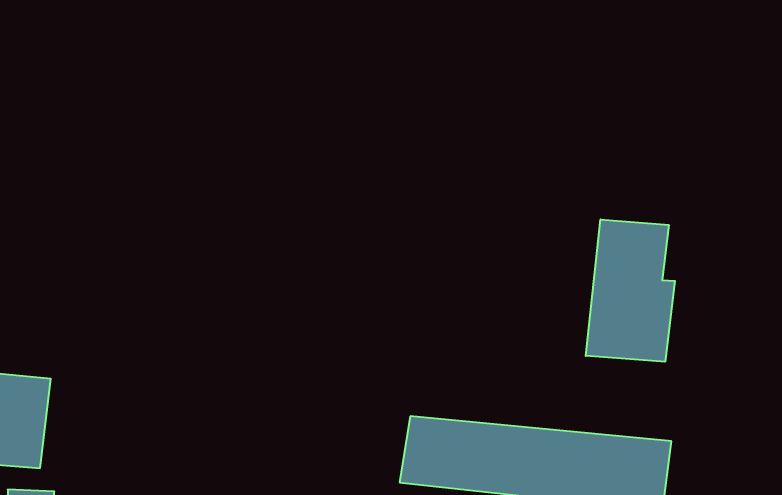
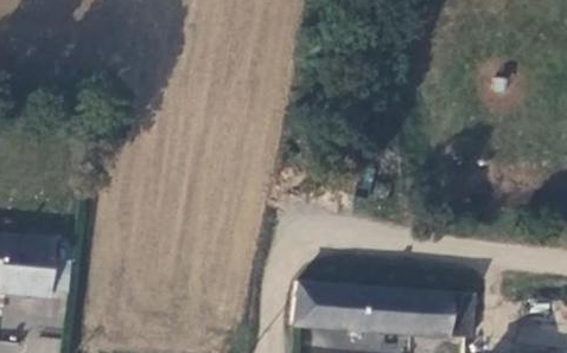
building: [586,219,675,362] -> none

